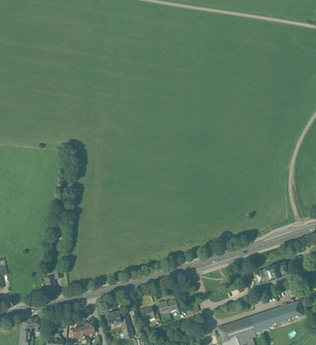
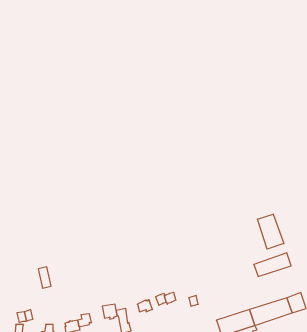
building: none -> [258,214,284,249]

